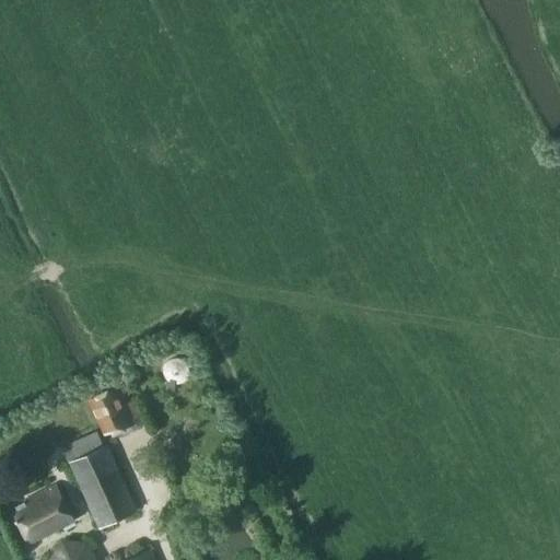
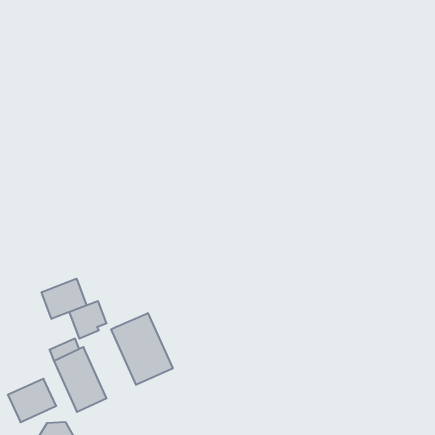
building: none -> [42,279,86,319]
building: none -> [111,313,173,385]

